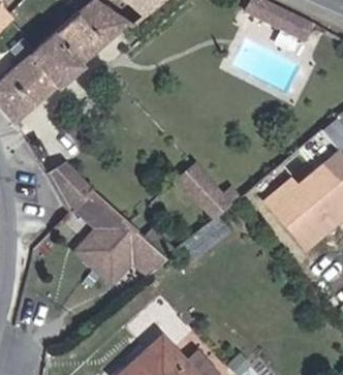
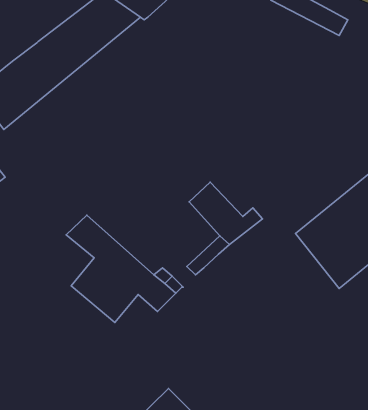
building: [44,167,91,211] -> none

